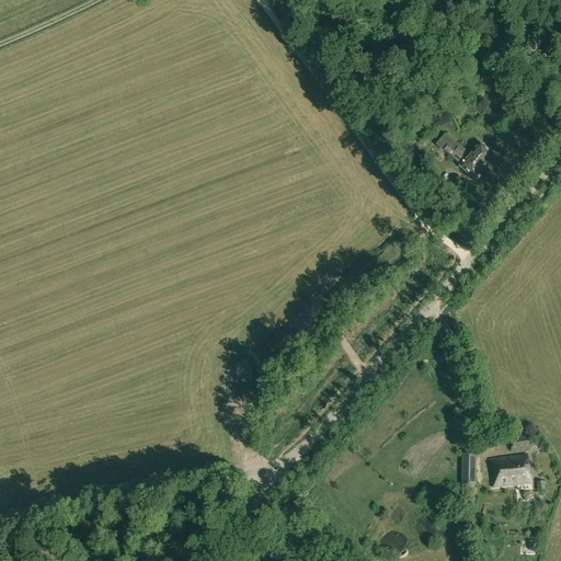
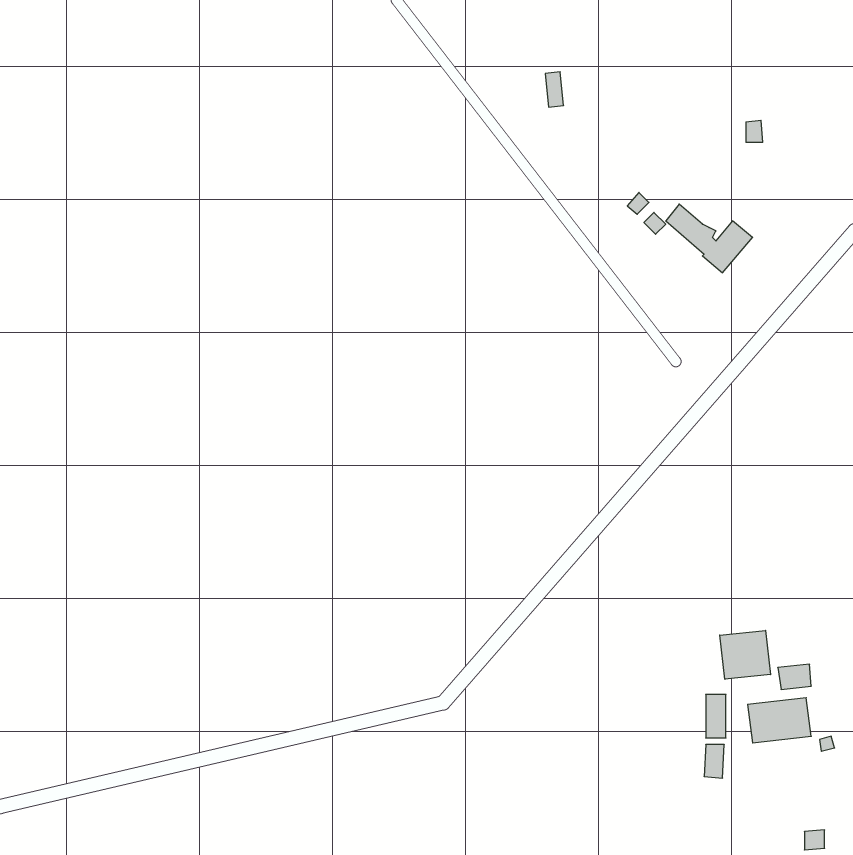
building: none -> [720,630,771,679]

